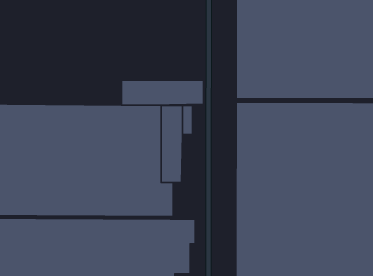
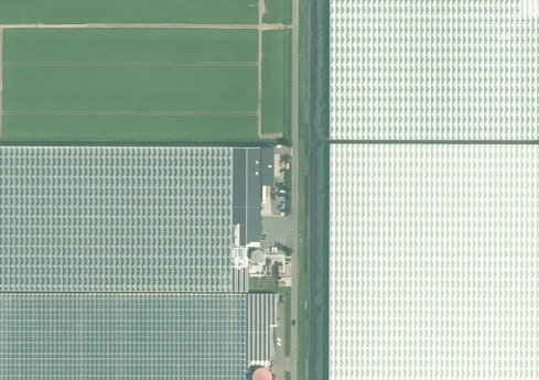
building: [122,80,203,105] -> none

